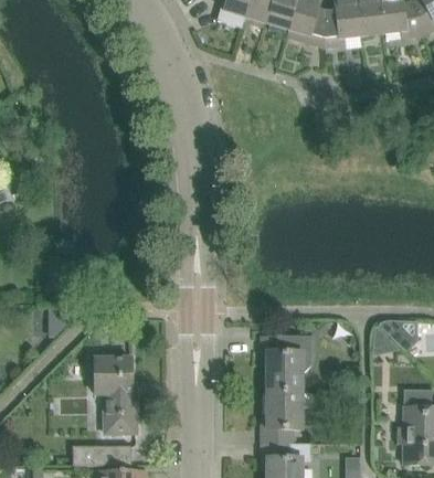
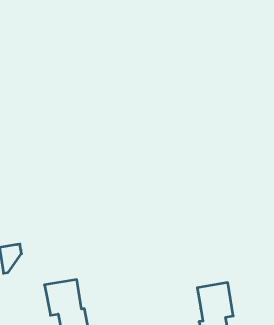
building: [262,337,311,390] -> none

